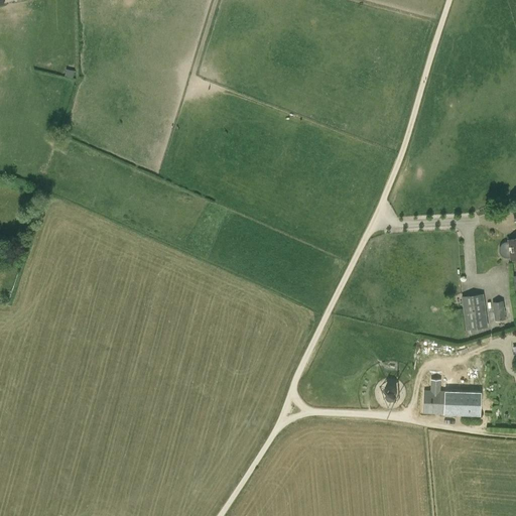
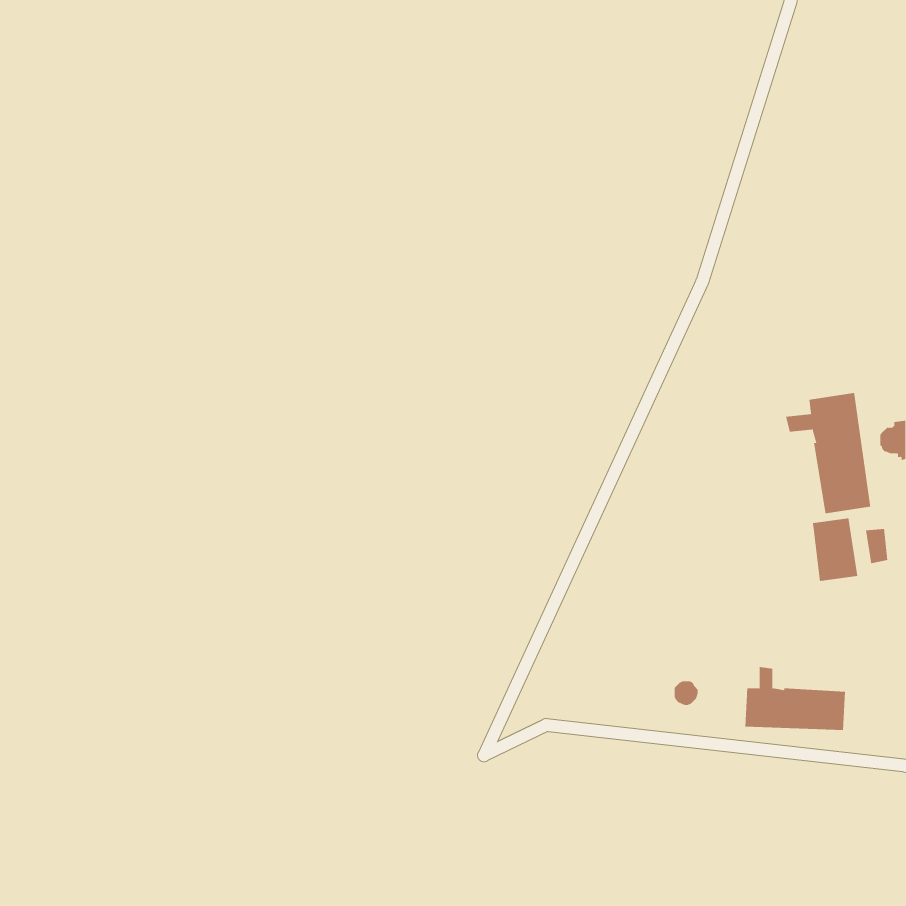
building: none -> [786,392,871,514]

